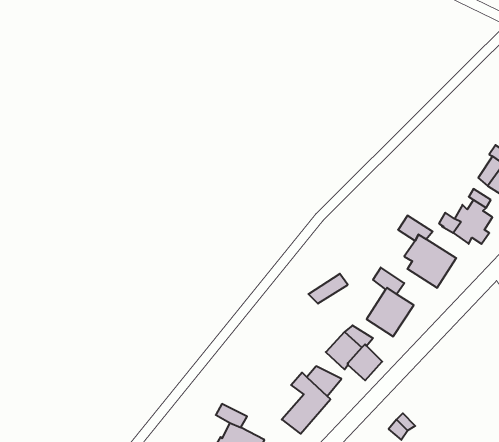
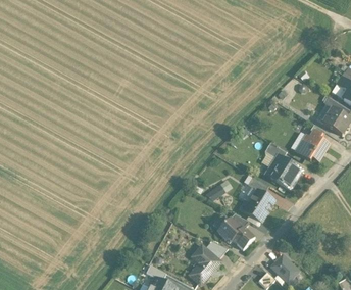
building: none -> [271,254,299,282]

